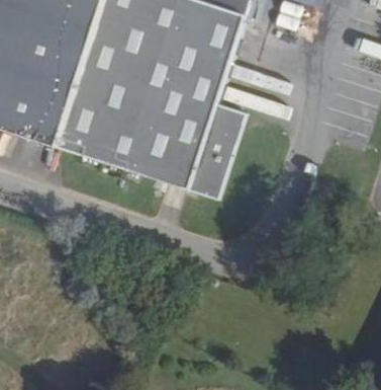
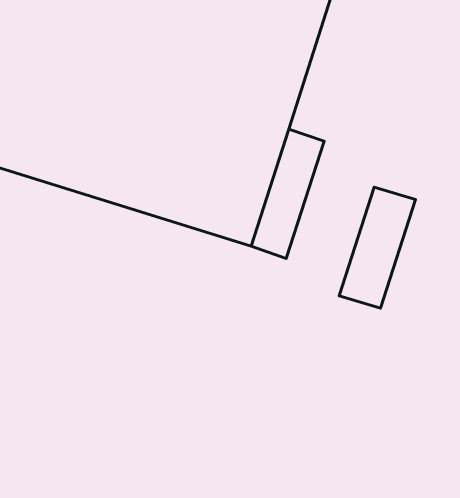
building: none -> [339,187,415,308]

